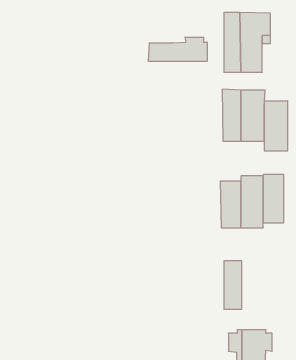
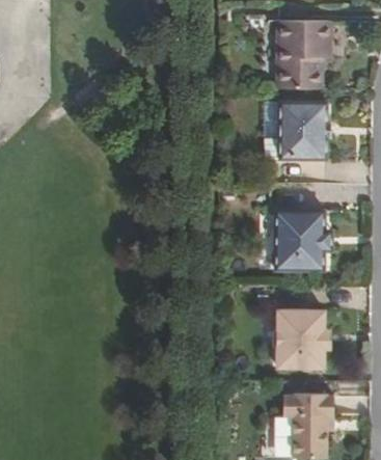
building: [149,37,207,61] -> none
building: [264,101,288,151] -> none
building: [263,175,284,223] -> [299,308,323,364]

